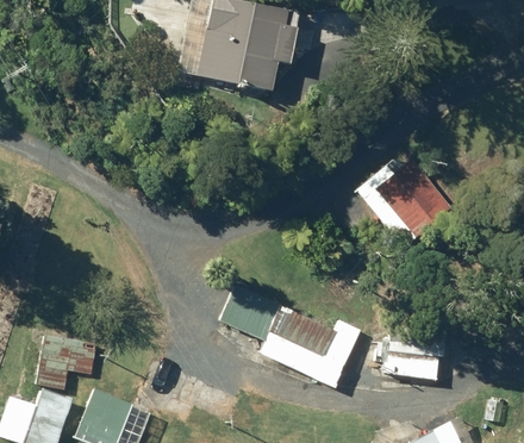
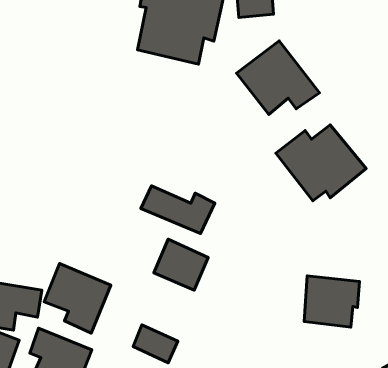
building: none -> [236,41,320,115]
building: none -> [44,264,111,333]
building: [279,314,360,367] -> [141,186,215,234]

